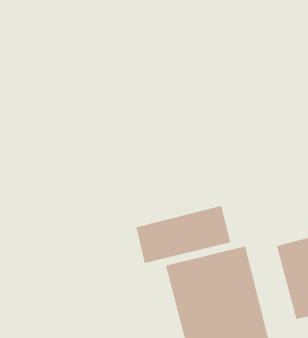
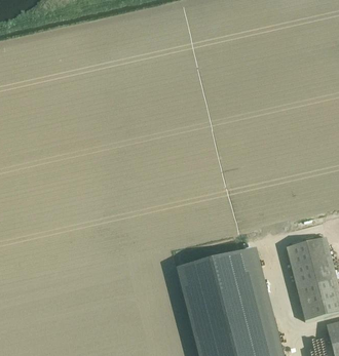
building: [136,205,231,264] -> none

